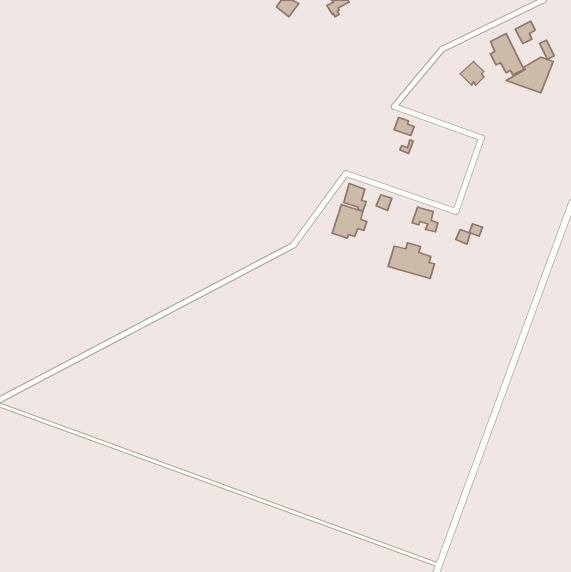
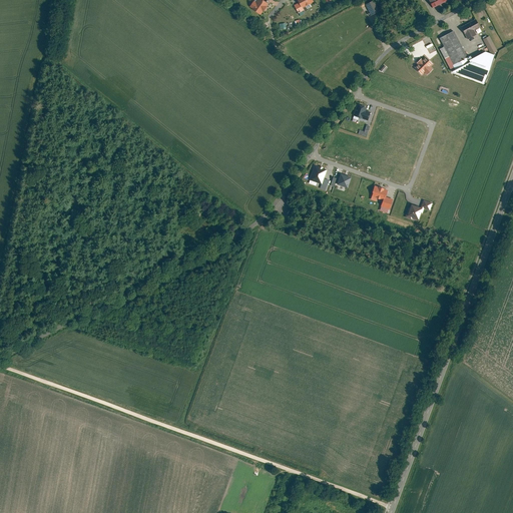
building: [332,205,367,238] -> none
building: [388,243,434,279] -> none

